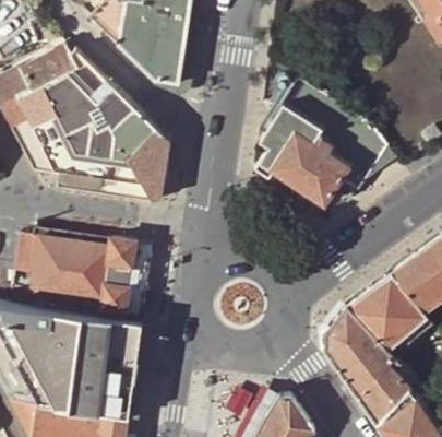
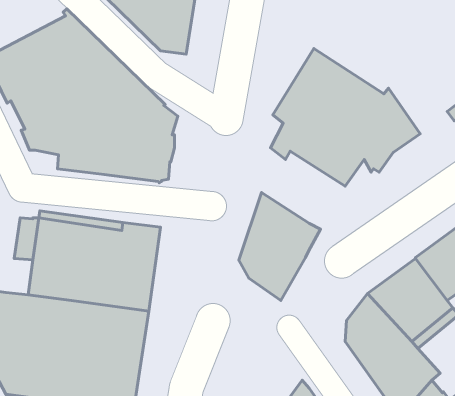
building: none -> [239,193,321,300]

